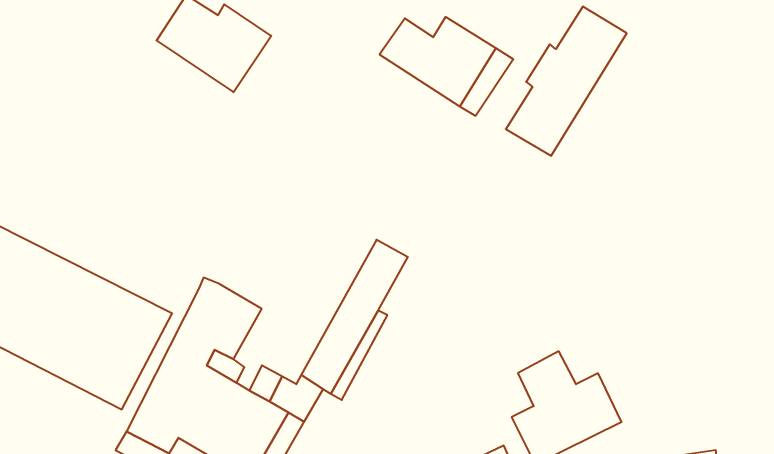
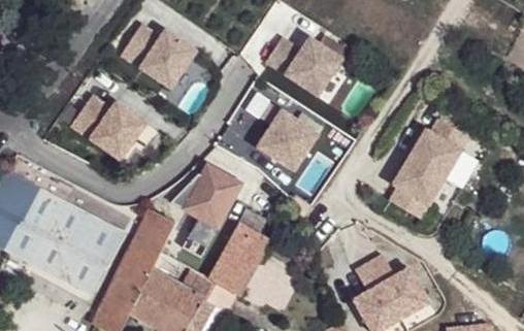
building: [506,7,627,156] -> [391,123,470,221]
building: none -> [69,93,144,157]
building: none -> [255,103,316,172]
building: none -> [172,166,243,259]

